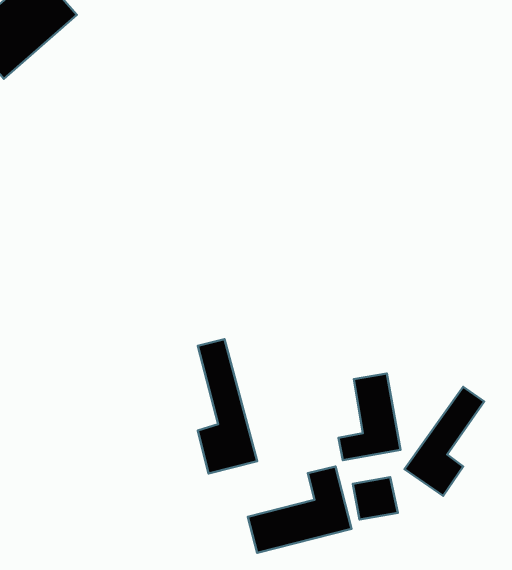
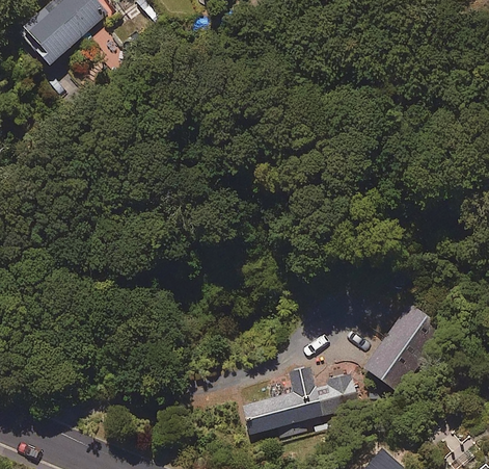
building: [198,339,257,473] -> none
building: [339,374,400,460] -> none

